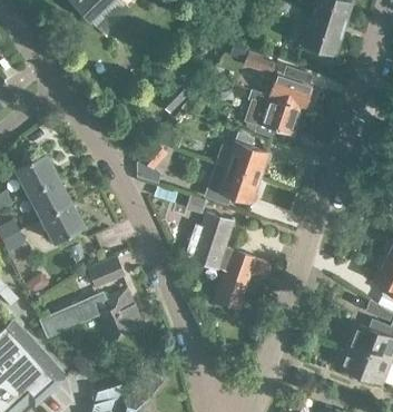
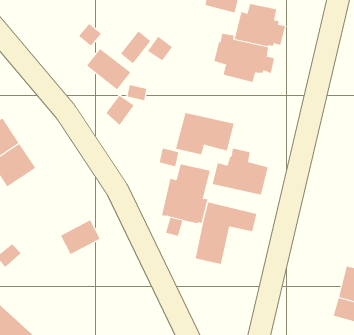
building: none -> [86,48,131,90]
building: [215,131,269,178] -> [212,148,268,195]
building: [41,203,85,244] -> none
building: [41,290,141,343] -> none

